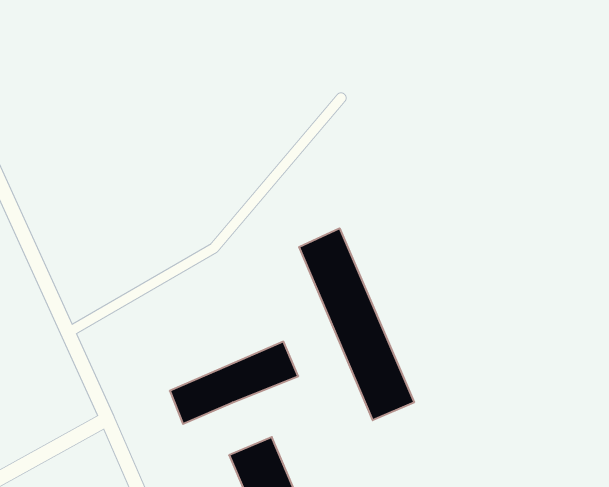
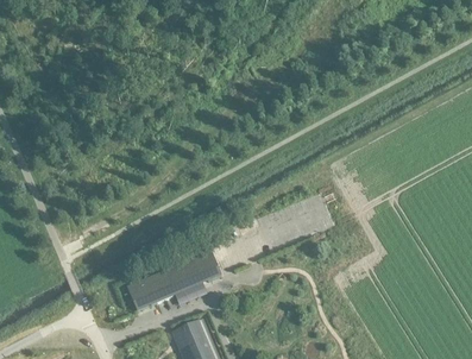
building: [299,228,414,420] -> none

